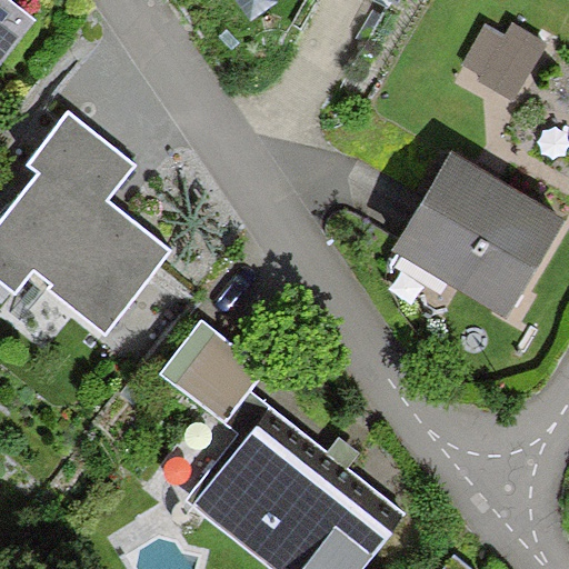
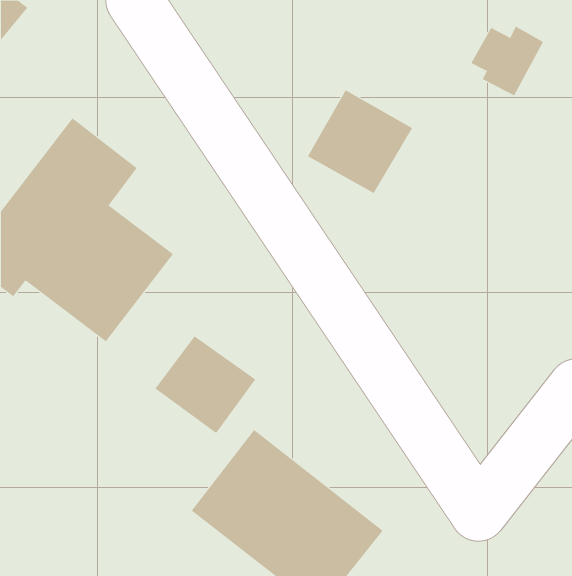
building: none -> [307,89,413,194]
building: [392,151,555,308] -> none

